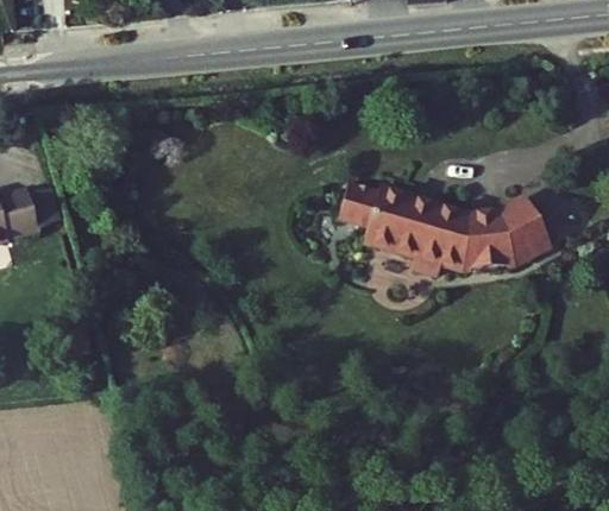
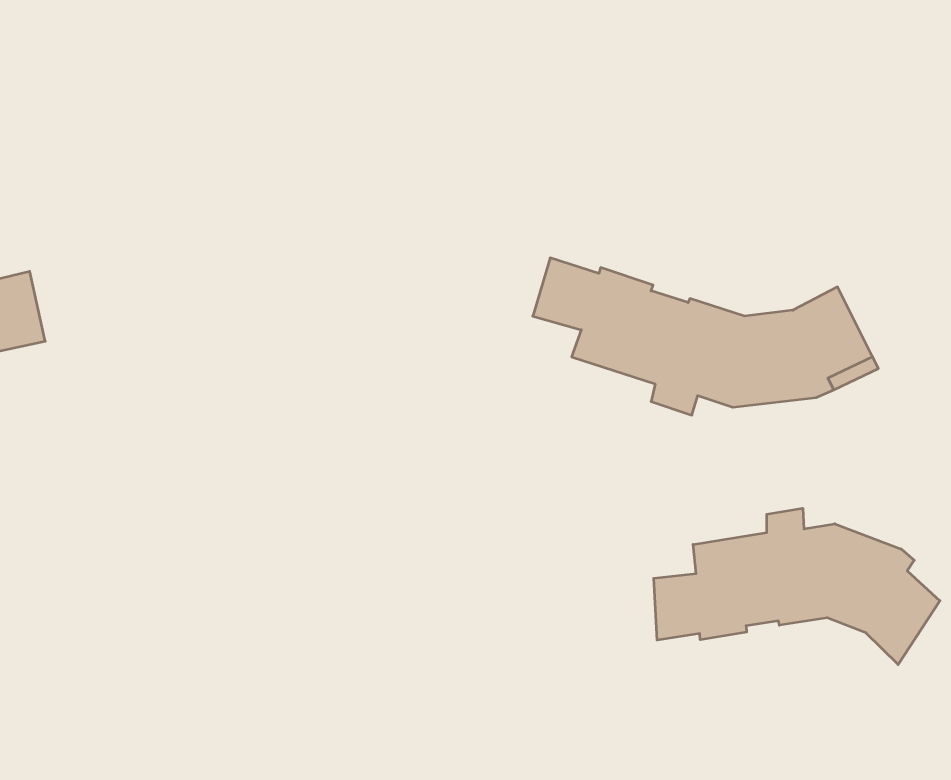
building: none -> [654,508,940,665]

